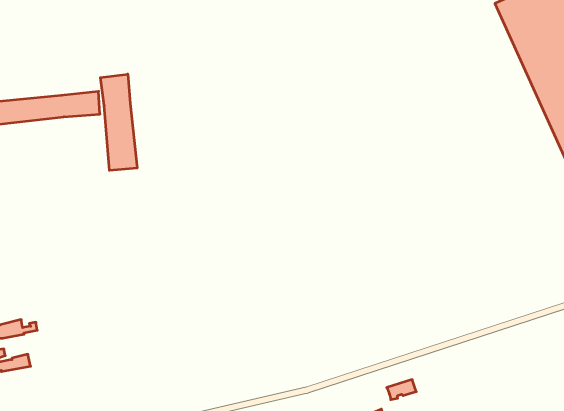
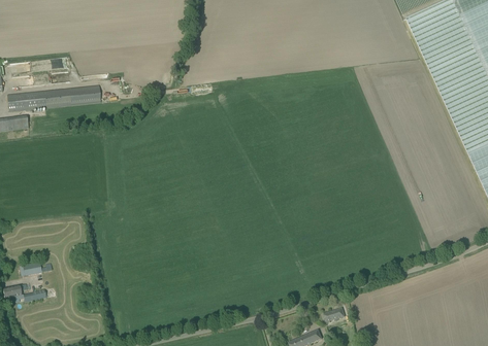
building: [100,74,137,170] -> none

